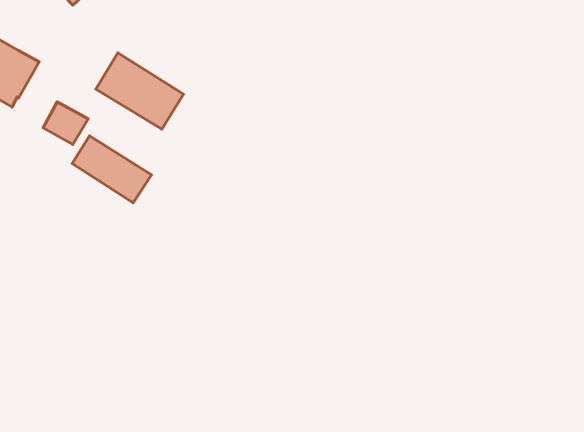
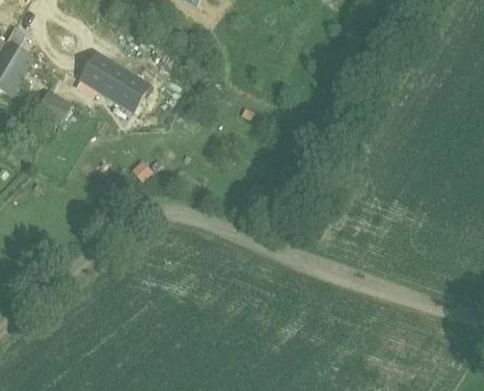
building: [72,136,152,203] -> none

